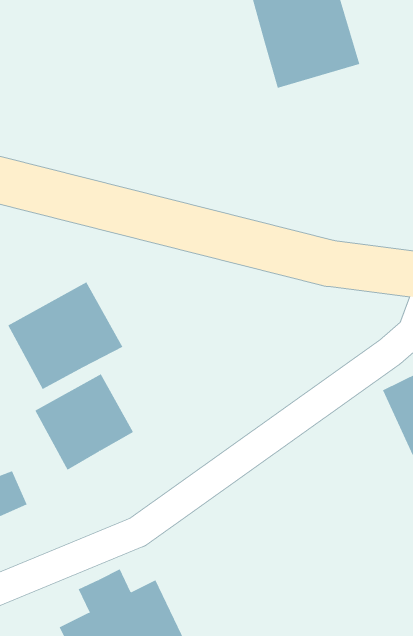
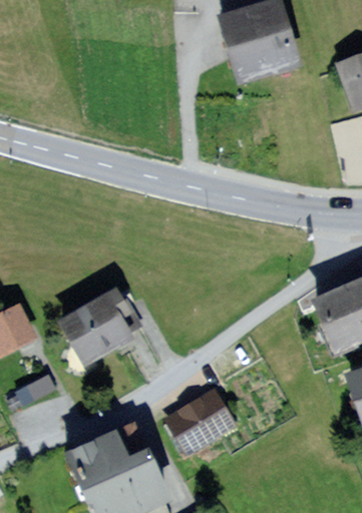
building: [7,282,123,390] -> none
building: none -> [165,389,234,448]

